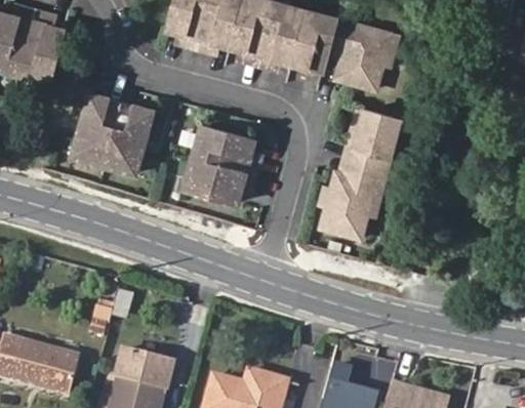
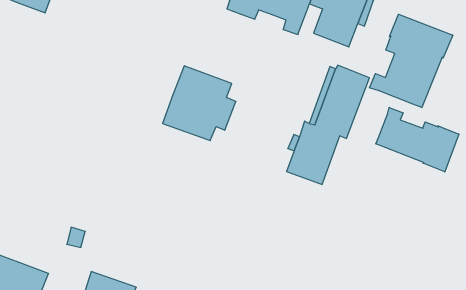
building: none -> [370,14,453,108]
building: [73,91,153,171] -> none
building: none -> [376,107,459,172]

